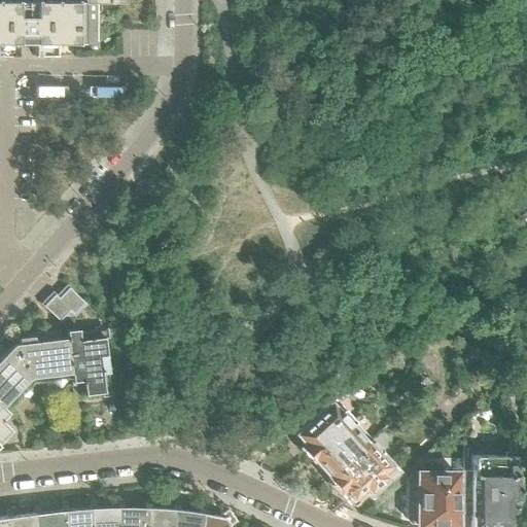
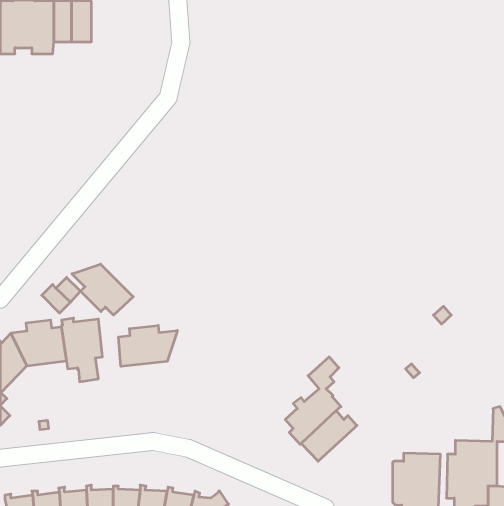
building: none -> [72,264,133,315]
building: none -> [119,325,177,366]
building: [331,445,392,499] -> none

